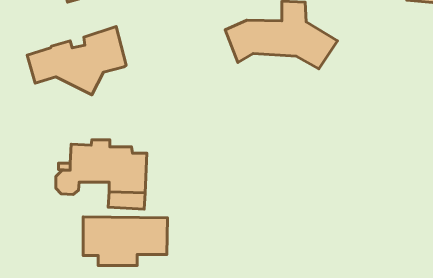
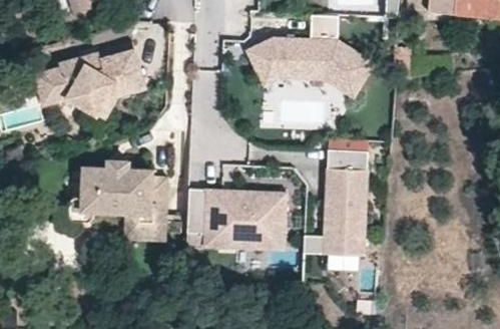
building: none -> [306,149,368,252]
building: [83,217,168,265] -> [190,191,285,245]

